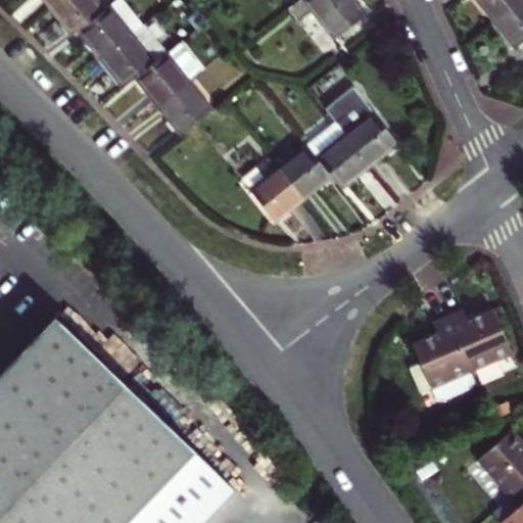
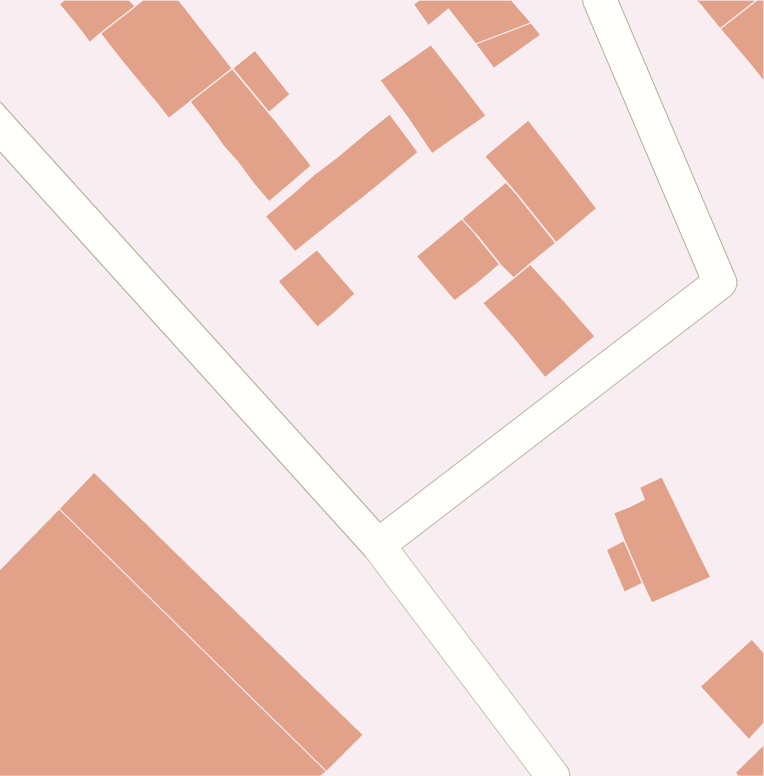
building: none -> [380,45,486,154]
building: none -> [265,114,418,252]
building: [253,173,305,225] -> [278,250,355,327]
building: none -> [483,264,595,378]
building: [445,311,508,372] -> none

